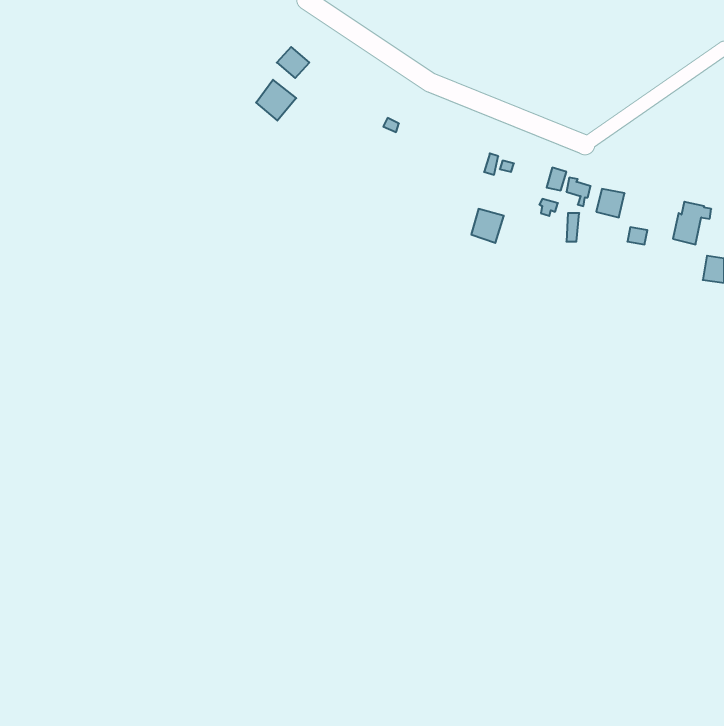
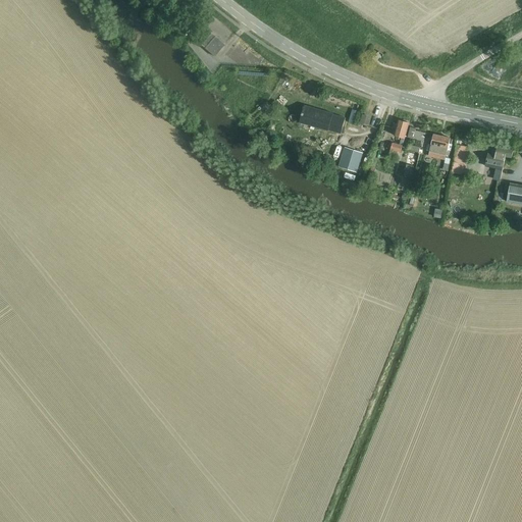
building: [256,80,296,121] -> none
building: none -> [299,103,347,134]

